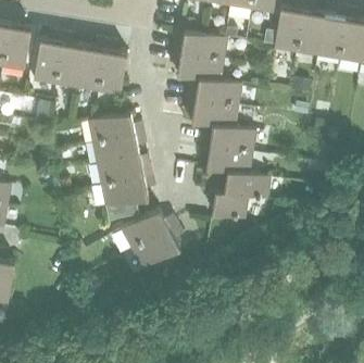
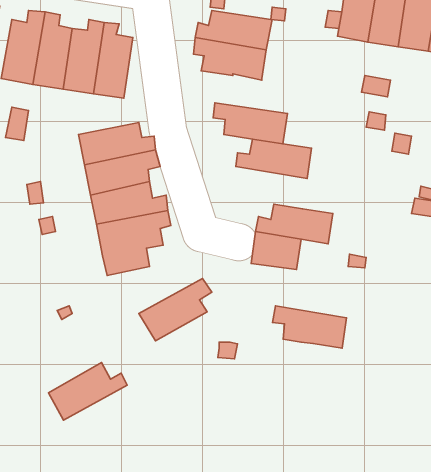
building: [185,76,240,104] -> none
building: [198,142,251,173] -> [272,306,347,348]
building: [120,206,176,248] -> [48,363,127,420]

